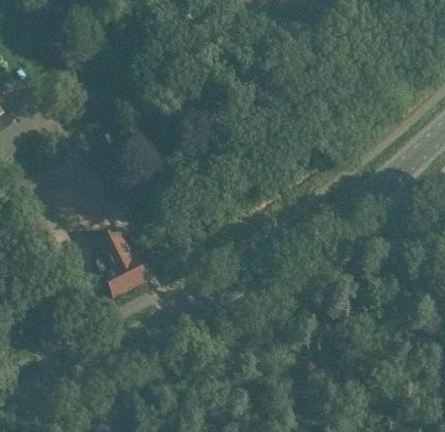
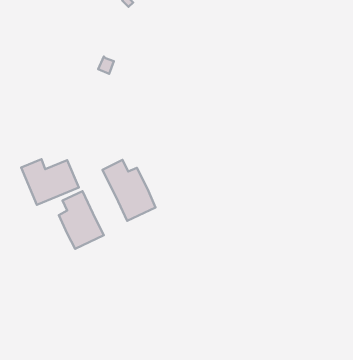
building: none -> [103,160,156,221]

